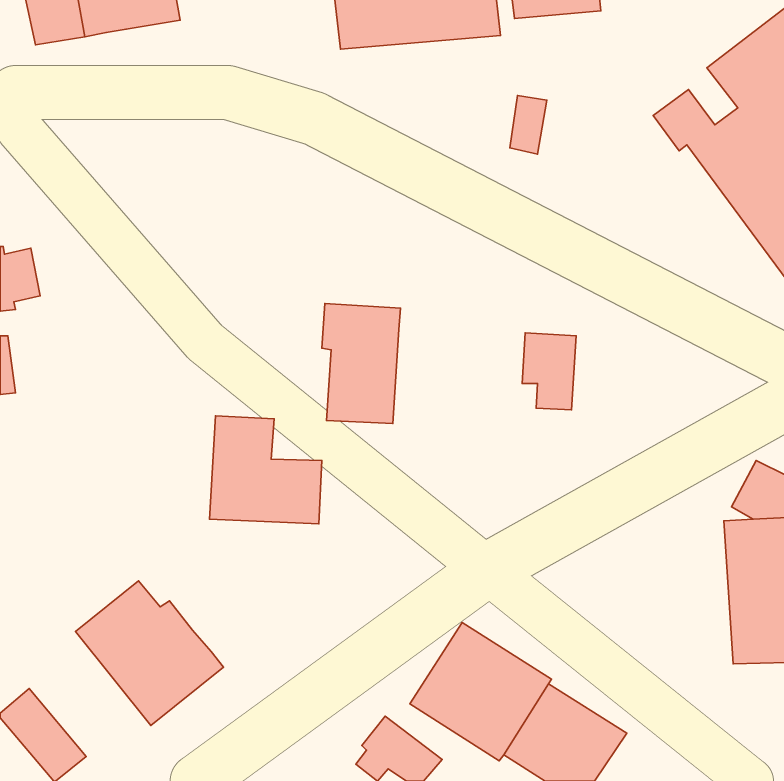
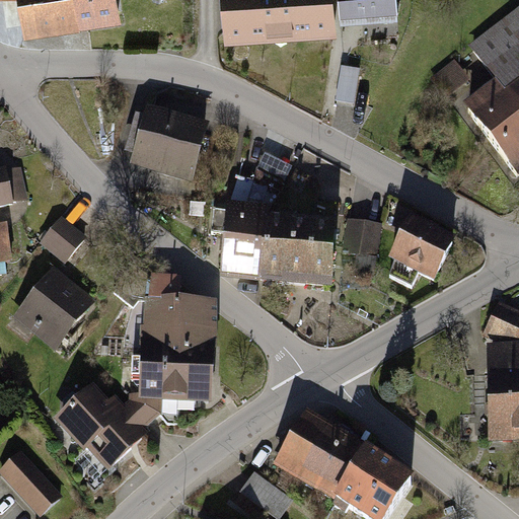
building: none -> [123,102,209,179]
building: none -> [388,210,457,286]
building: none -> [39,214,88,264]
building: none -> [261,217,338,284]
building: none -> [10,267,95,352]
building: none -> [129,342,212,429]

